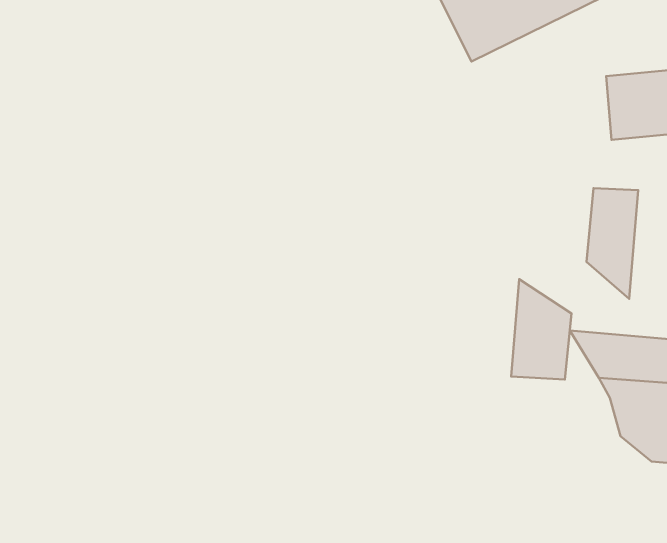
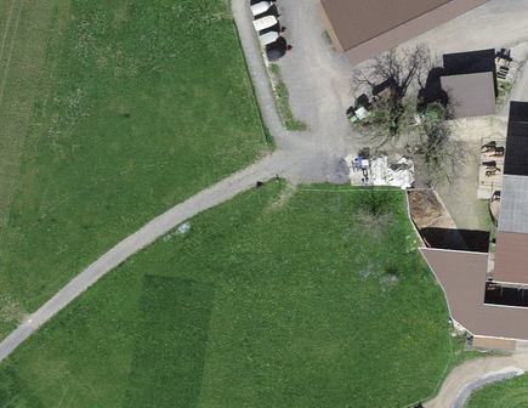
building: [586,188,638,299] -> none
building: [511,279,571,379] -> none

